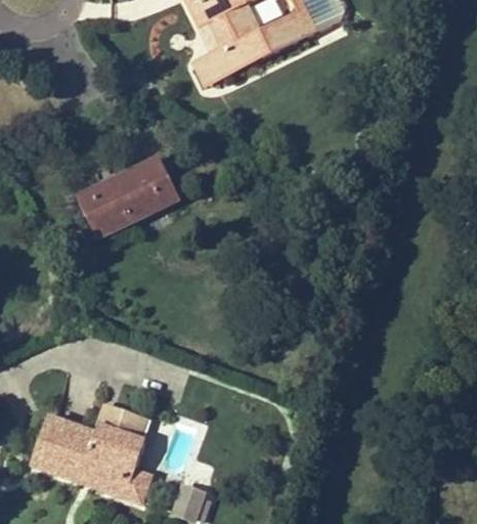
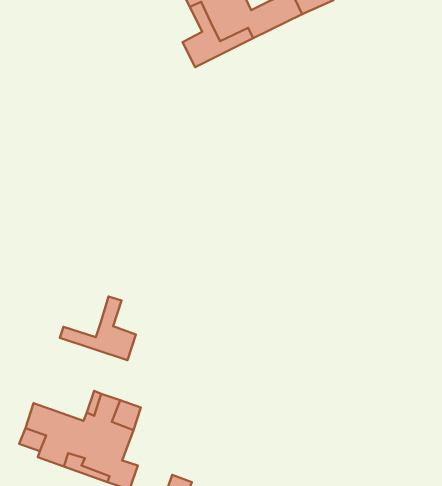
building: [77,156,179,236] -> none
building: none -> [60,296,136,360]

